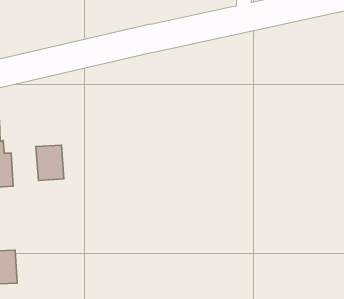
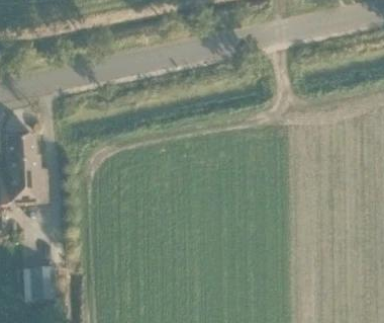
building: [36,145,64,180] -> none

